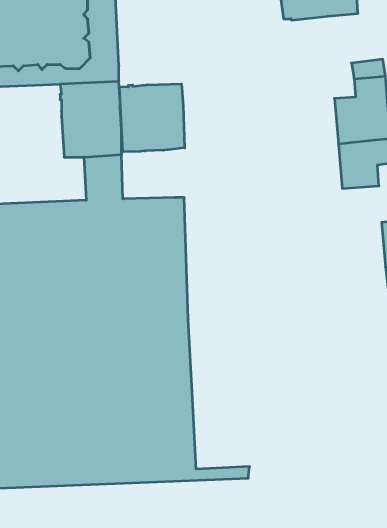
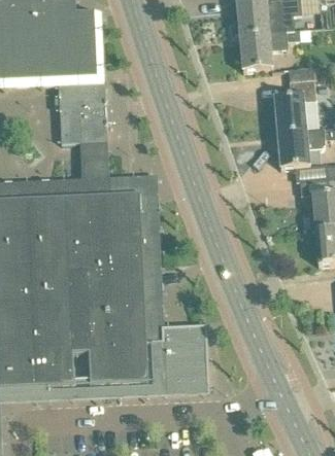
building: none -> [240,29,301,70]
building: [119,84,185,152] -> none
building: none -> [162,326,207,389]

